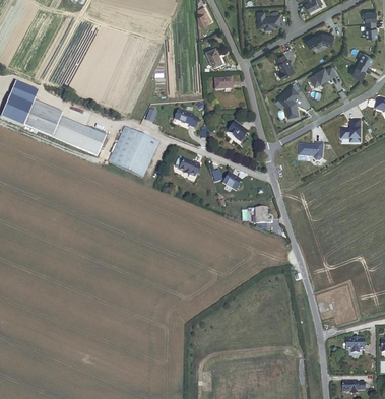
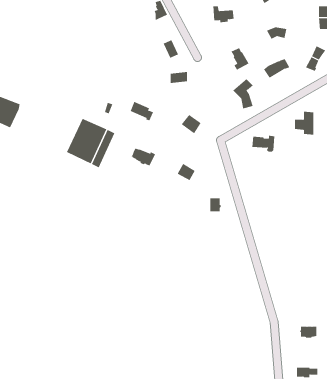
building: [51,118,105,156] -> none

